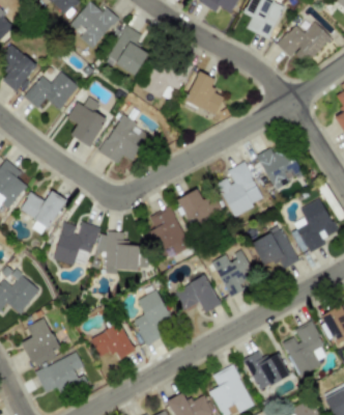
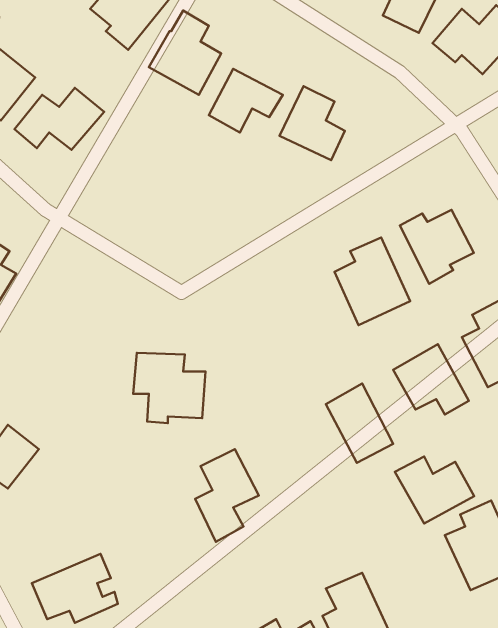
building: [67,98,107,146] -> none
building: [99,113,145,163] -> none
building: [178,188,223,228] -> none
building: [21,191,65,233] -> none
building: [146,205,192,253] -> none
building: [54,222,98,268] -> none
building: [175,275,220,311] -> none
building: [23,317,60,364] -> none
building: [90,323,135,359] -> none
building: [241,351,289,391] -> [395,457,474,524]

